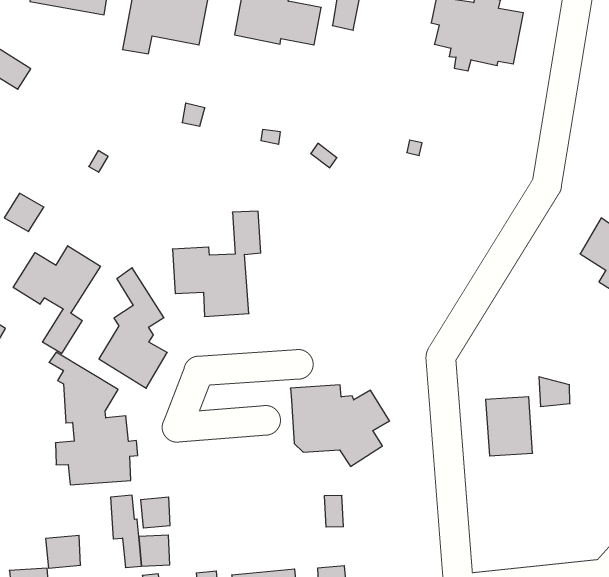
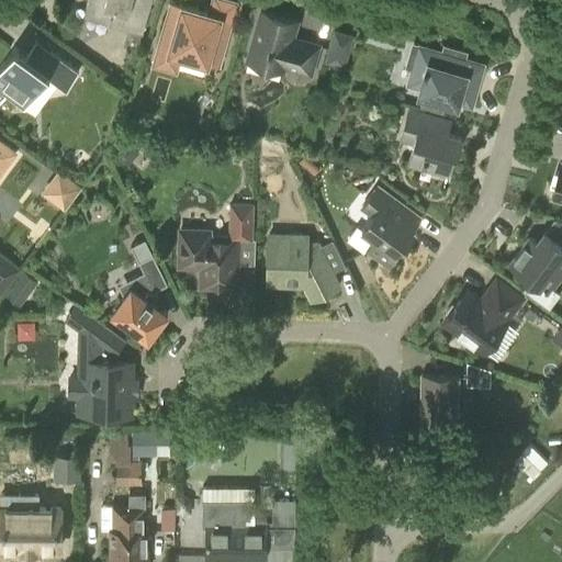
building: none -> [401,113,461,178]
building: none -> [362,189,416,269]
building: [13,246,100,354] -> none
building: none -> [443,282,521,355]
building: [290,385,390,466] -> [268,235,347,303]

